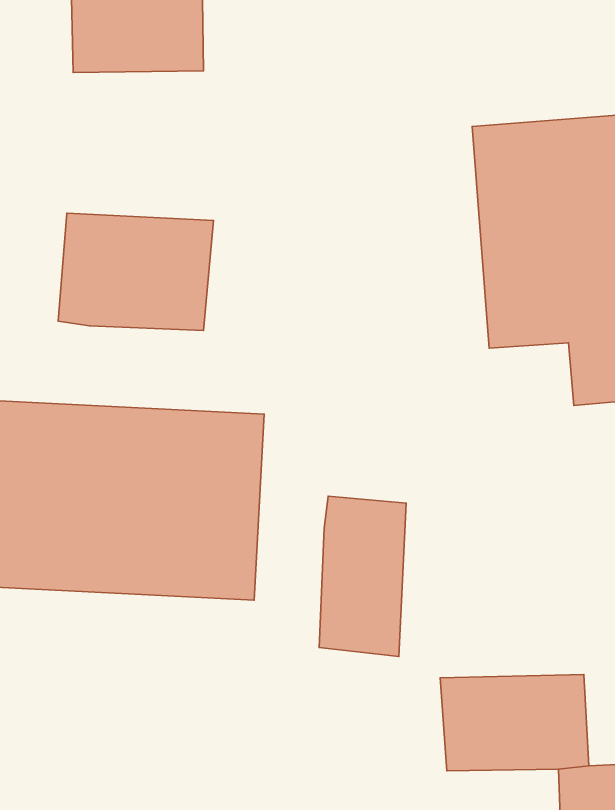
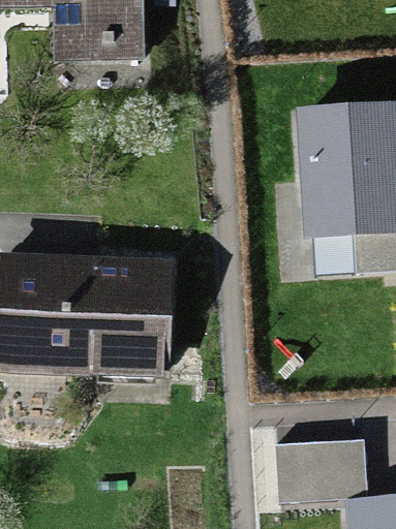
building: [58,213,214,331] -> none
building: [319,496,406,656] -> none

